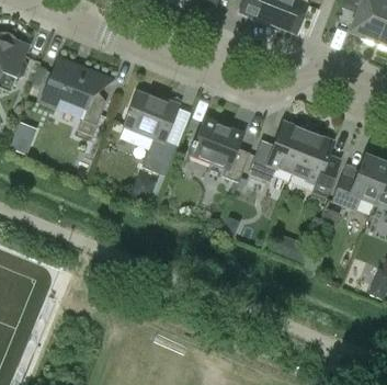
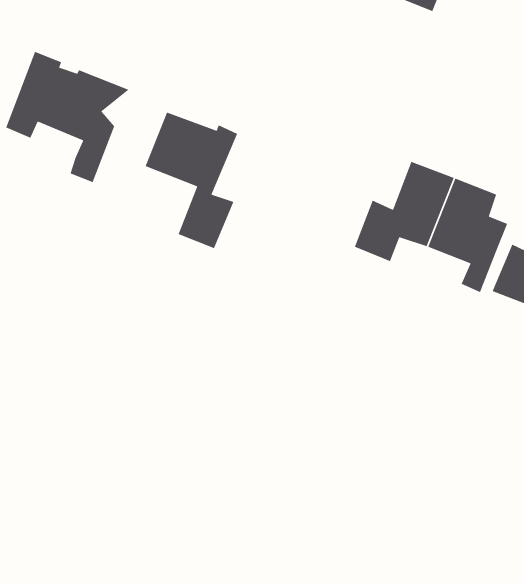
building: [189,115,249,182] -> none

